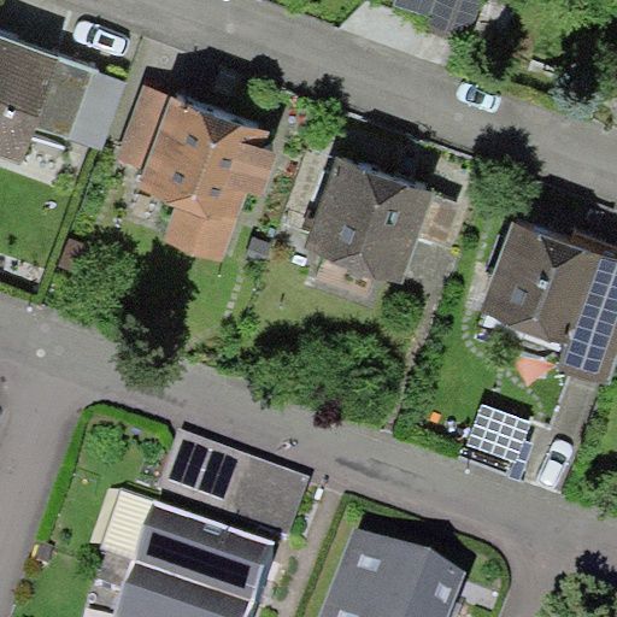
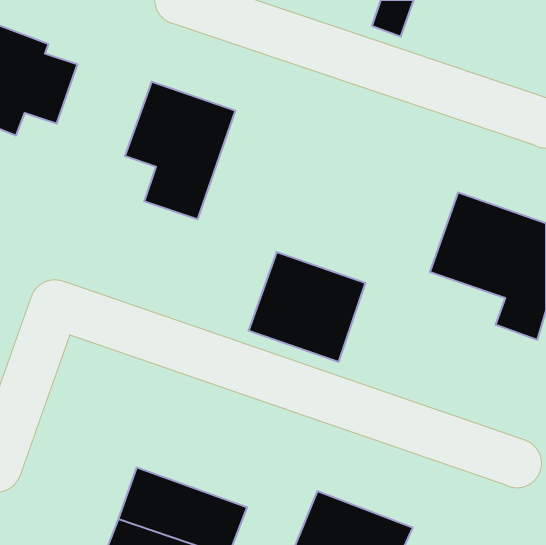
building: [299,151,430,274] -> [248,252,366,362]
building: [157,448,306,550] -> none

